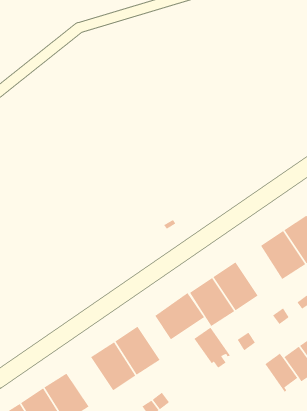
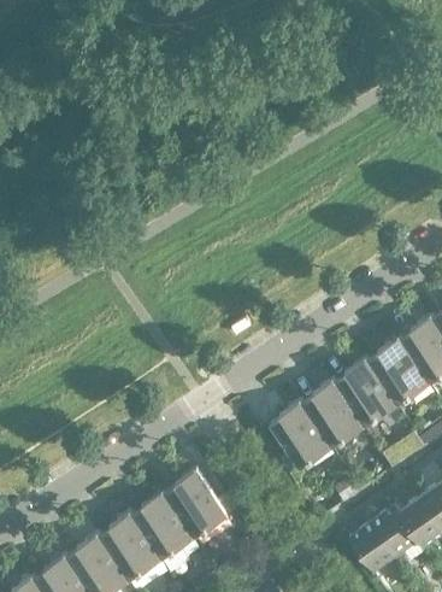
building: none -> [332,359,396,428]
building: [154,292,205,340] -> none
building: [193,327,231,368] -> [348,523,400,581]
building: none -> [98,514,161,582]

